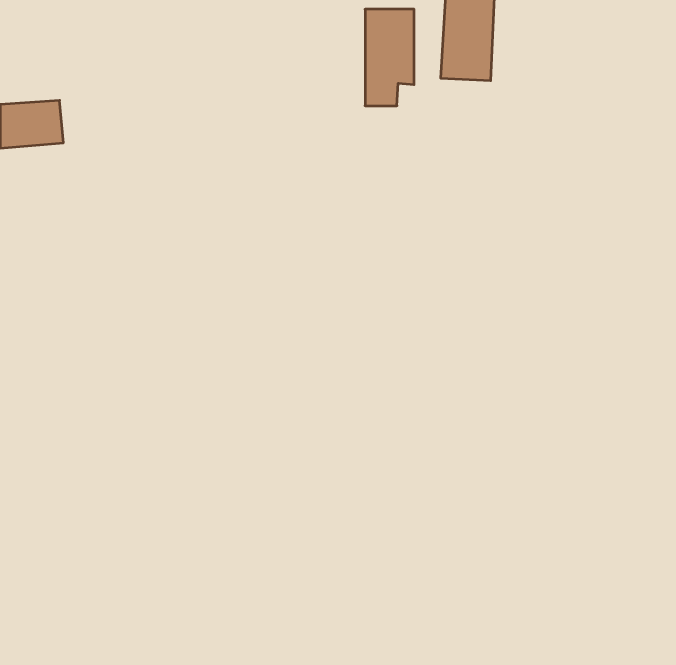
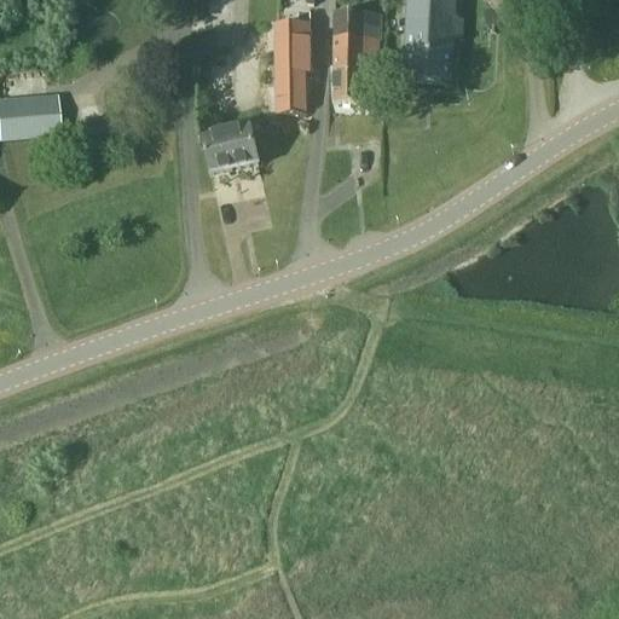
building: none -> [277,7,310,109]
building: none -> [203,126,259,169]

